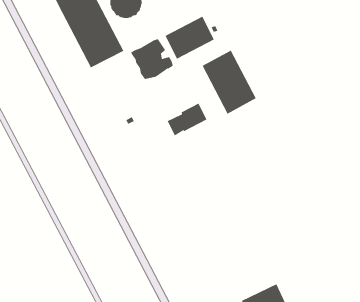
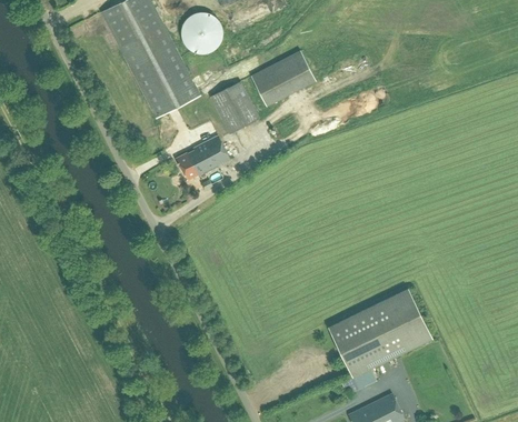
building: [201,49,257,115] -> none
building: [167,103,207,137] -> [176,135,228,179]
building: none -> [327,289,432,379]

